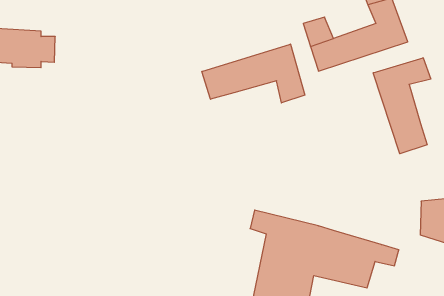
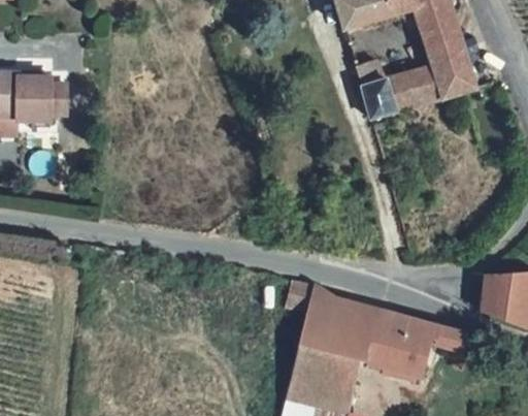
building: [202,44,305,103] -> none
building: [373,58,431,154] -> none

